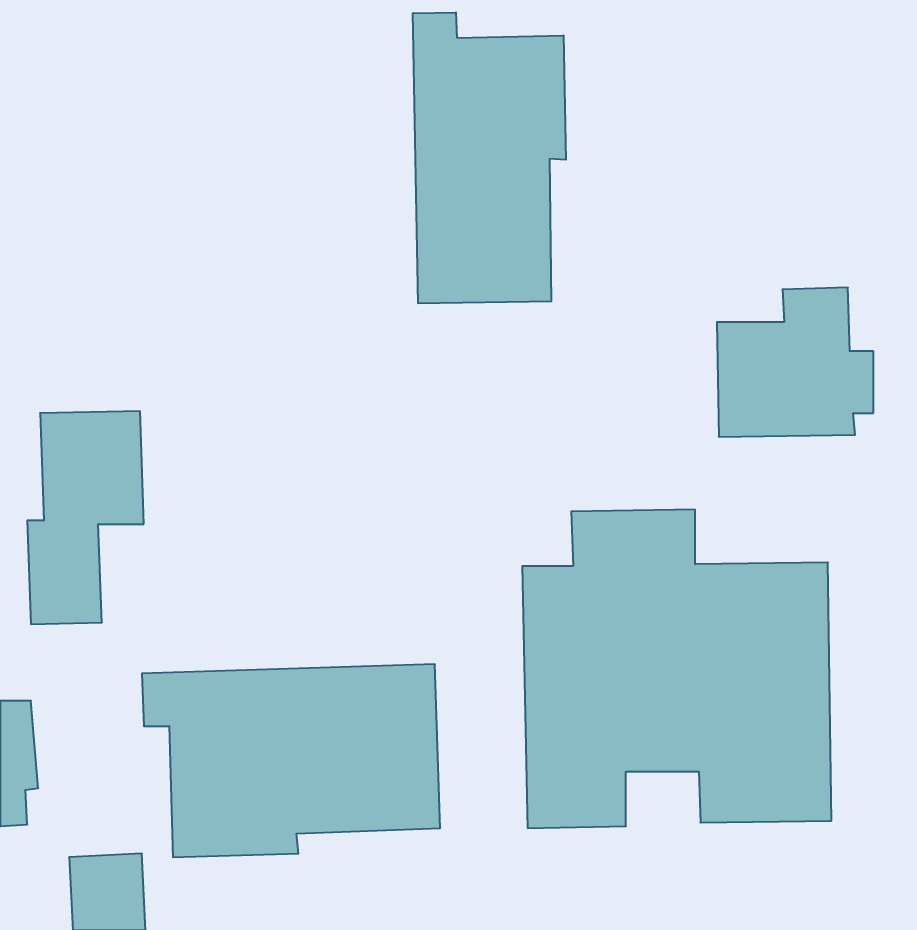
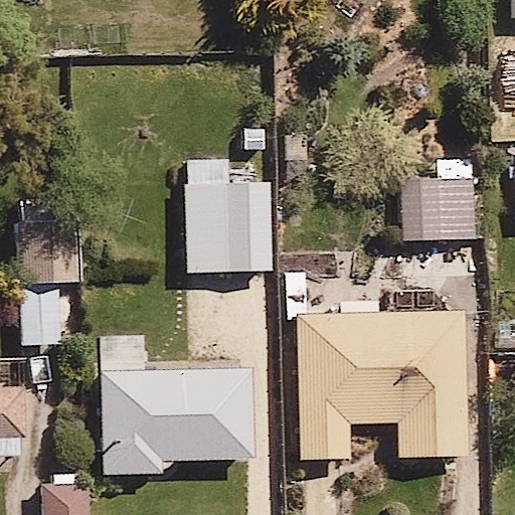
building: [413,12,566,303] -> none
building: none -> [186,158,271,274]

